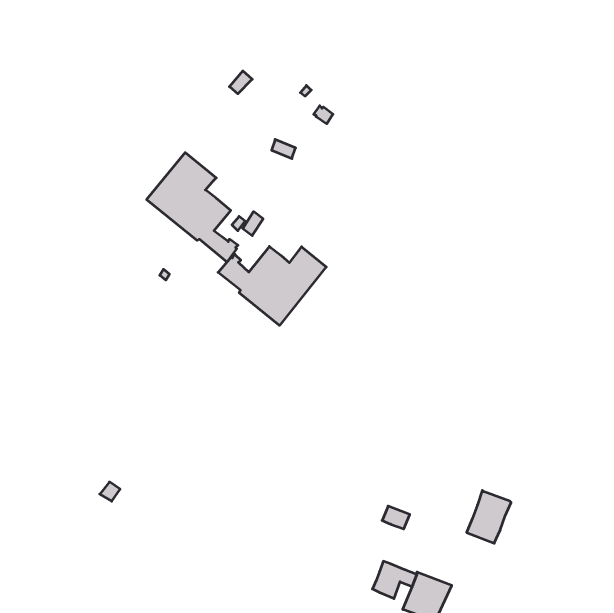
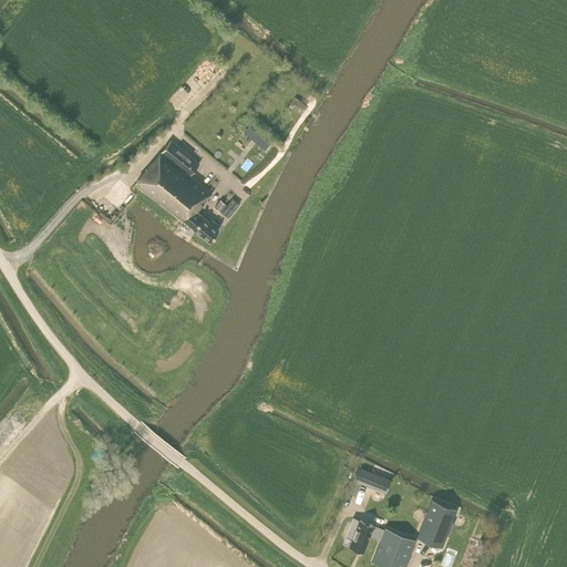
building: [218,246,326,325] -> none
building: [467,490,511,543] -> [416,499,457,548]

